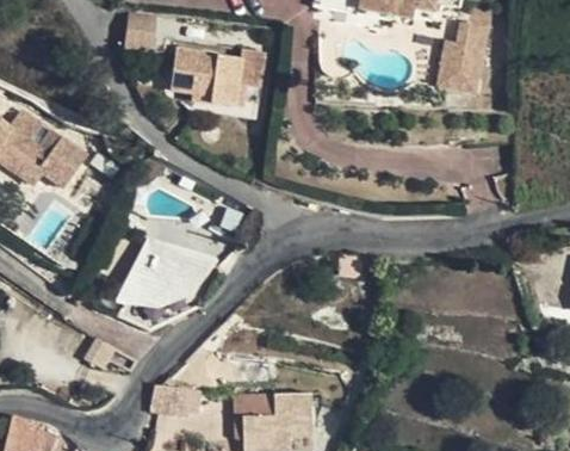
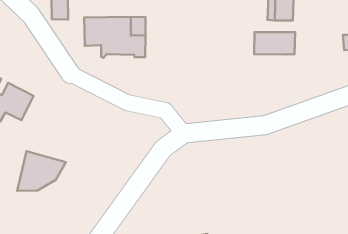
building: none -> [254,32,295,55]
building: [125,237,202,297] -> [17,151,66,191]

